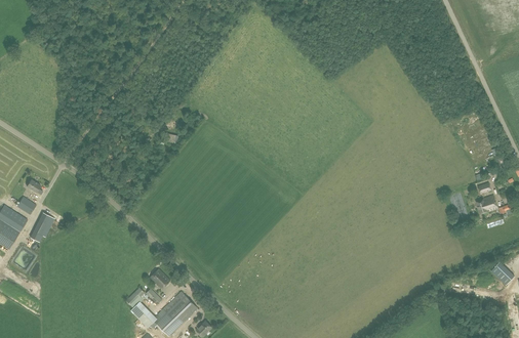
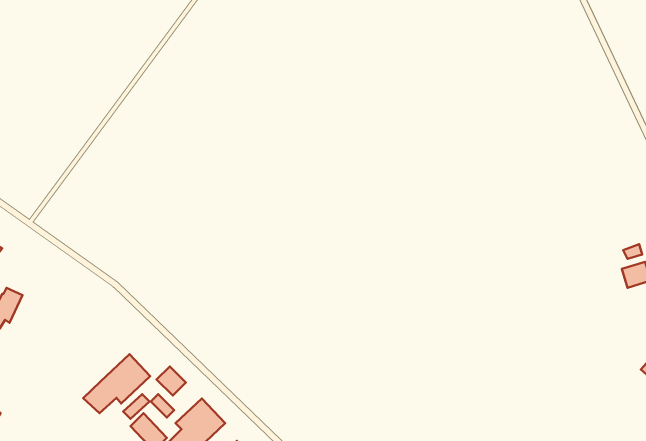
building: none -> [83,354,150,413]

